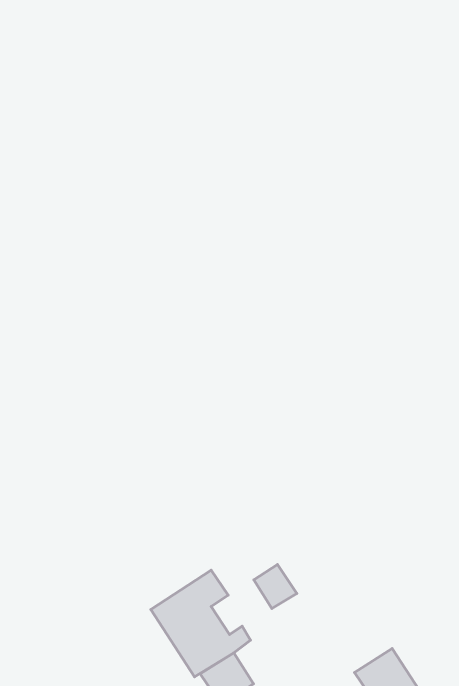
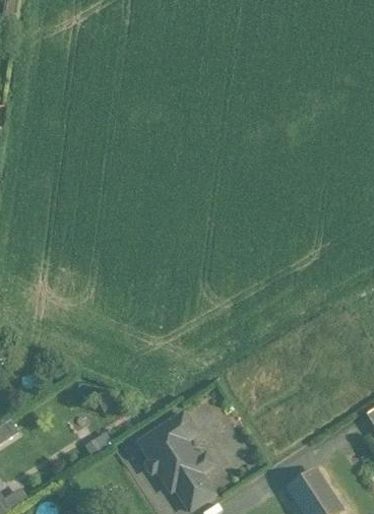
building: [254,564,297,609] -> none

